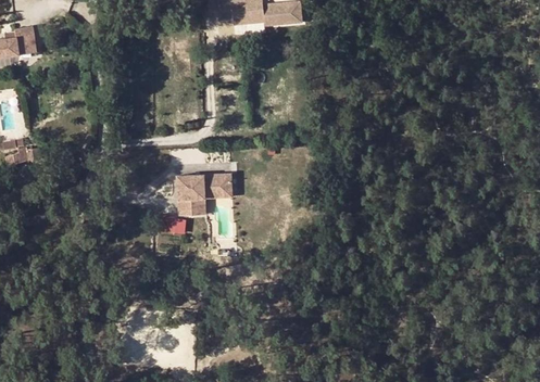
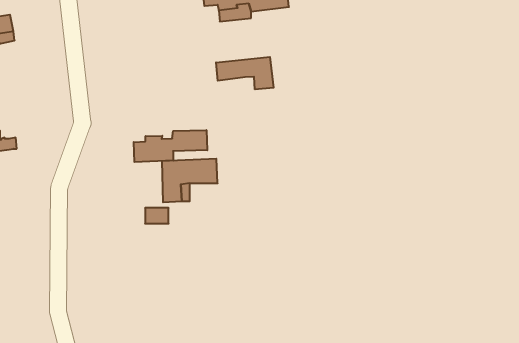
building: none -> [216,57,274,89]
building: none -> [134,130,207,162]

